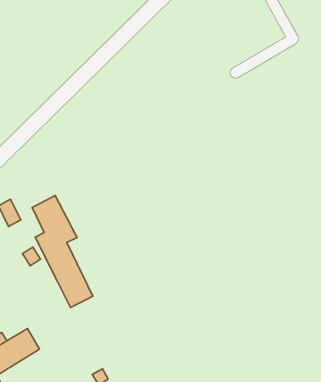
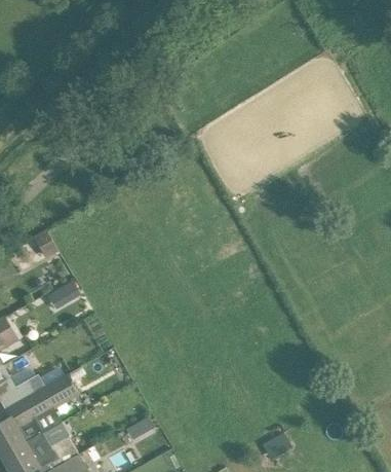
building: [32,195,93,308] -> none

